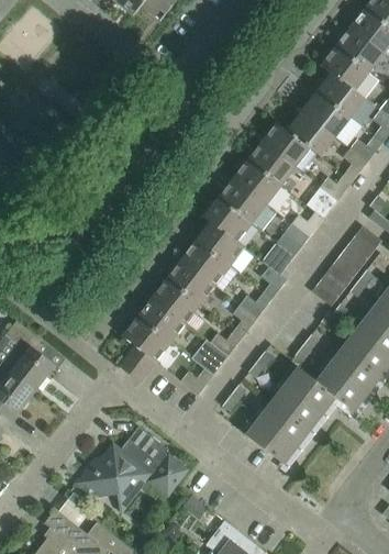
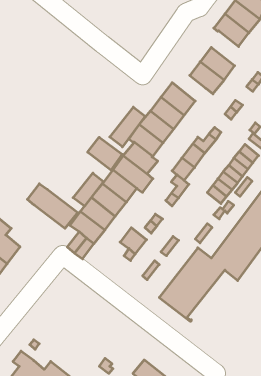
building: [312,68,365,117] -> none
building: [264,119,310,165] -> none
building: none -> [110,107,145,147]
building: none -> [88,137,122,170]
building: none -> [73,173,103,206]
building: none -> [27,184,78,228]
building: [76,425,187,511] -> none

